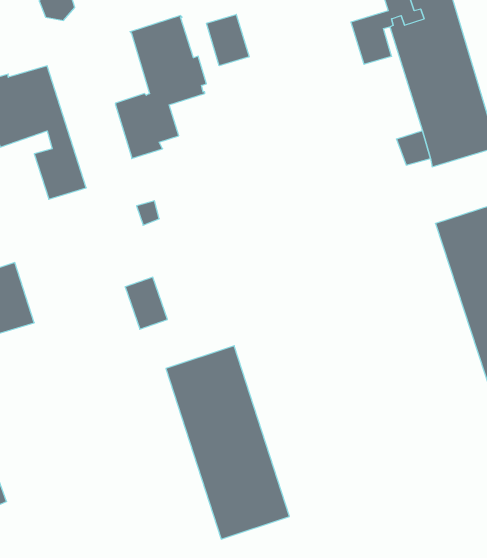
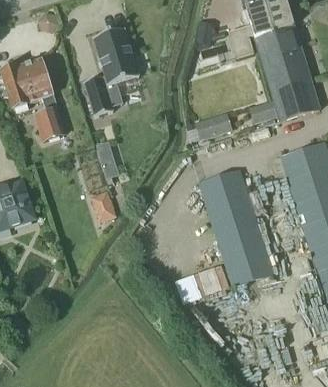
building: [206,14,249,66] -> none
building: none -> [194,111,233,140]
building: [166,346,289,539] -> [198,168,274,287]

